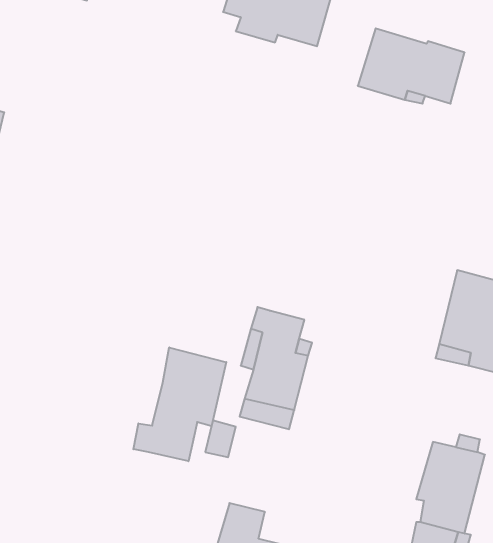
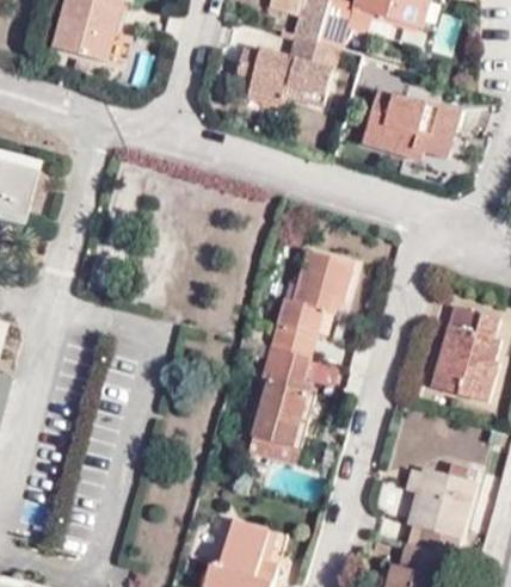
building: none -> [276,251,355,358]
building: [133,347,226,461] -> none

